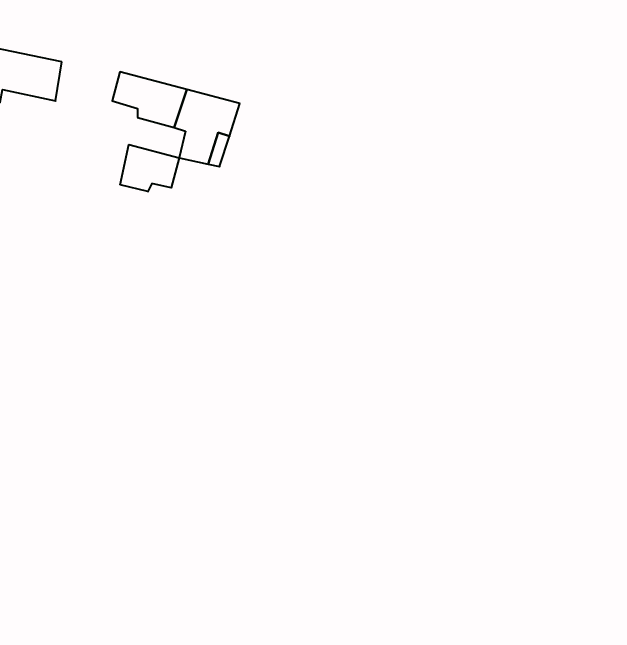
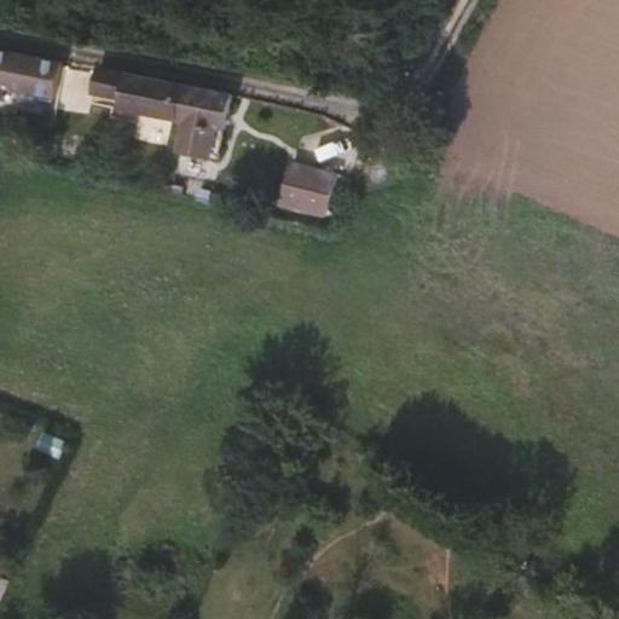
building: [120,145,179,192] -> none
building: none -> [262,162,323,220]

